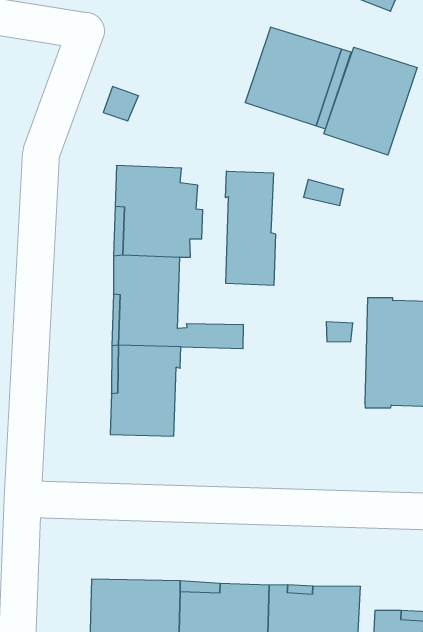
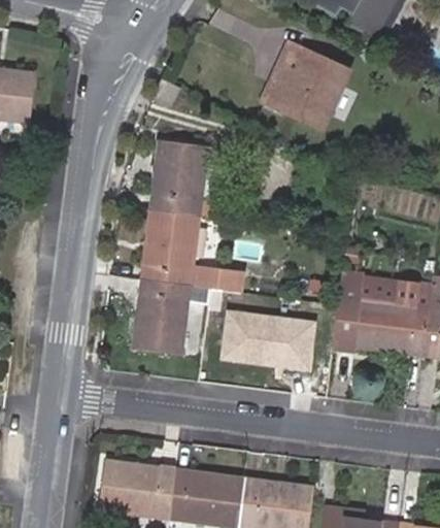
building: [324,47,417,155] -> none
building: [226,171,276,285] -> none
building: none -> [217,314,312,375]

